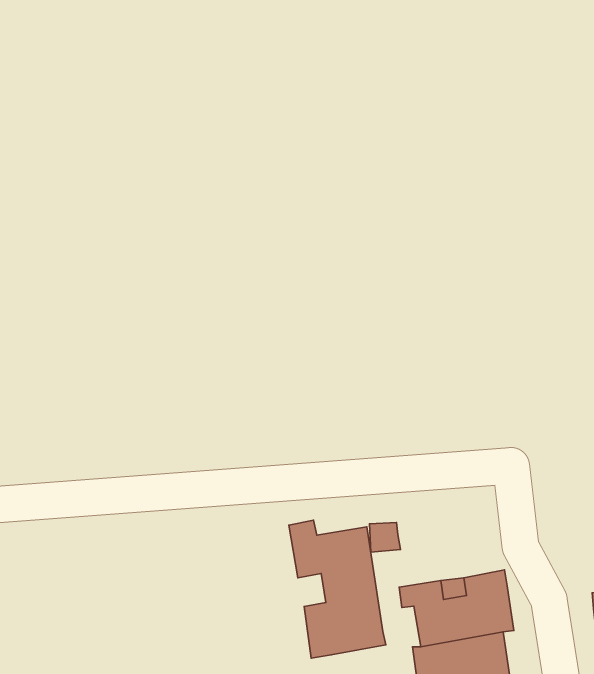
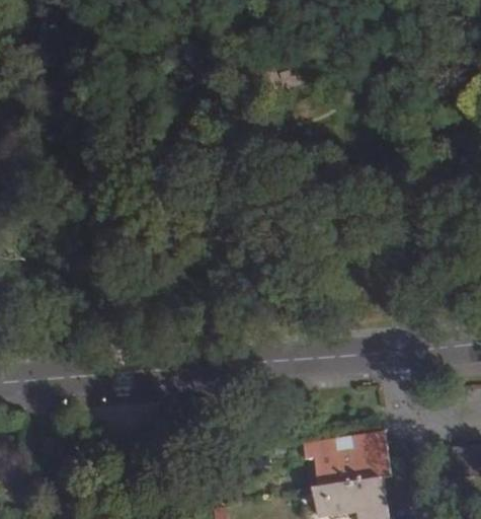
building: [289,520,386,658] -> none

